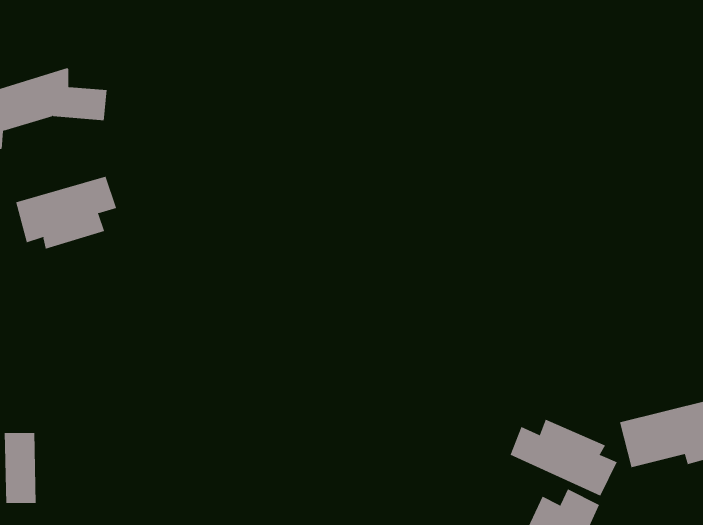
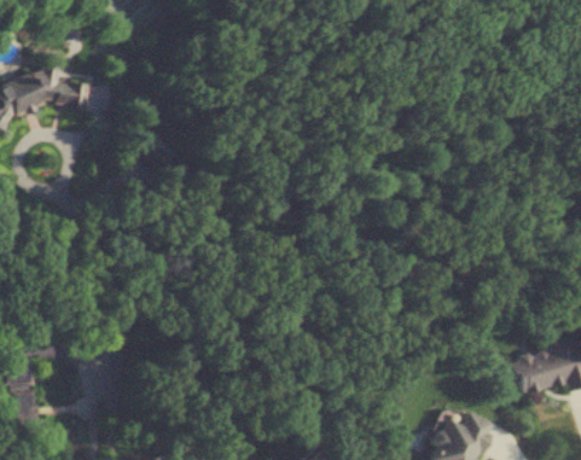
building: [16,176,117,250] -> none
building: [510,419,617,496] -> none

